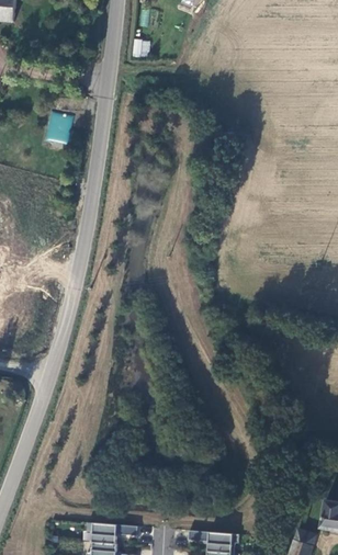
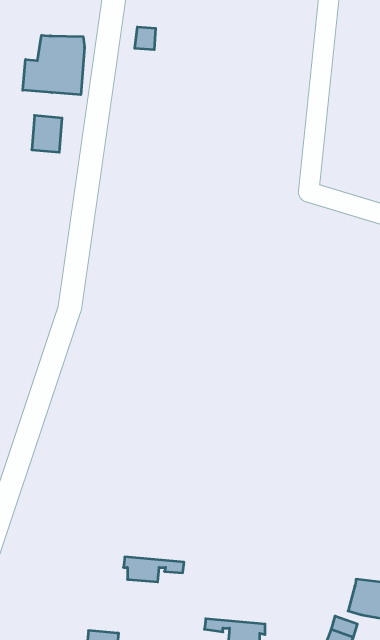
building: none -> [23,35,84,95]
building: [86,522,136,543] -> [123,557,184,582]

